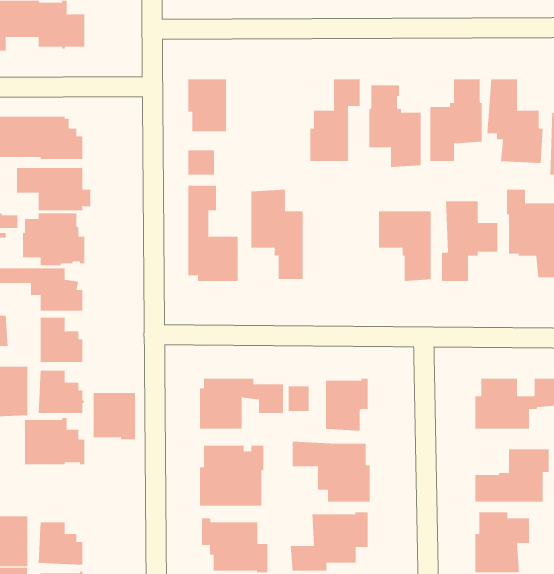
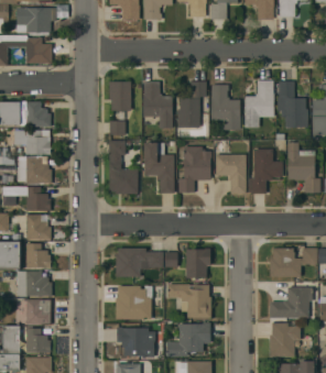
building: none -> [143,80,172,128]
building: none -> [178,146,211,193]
building: [93,392,136,440] -> [26,298,51,325]

